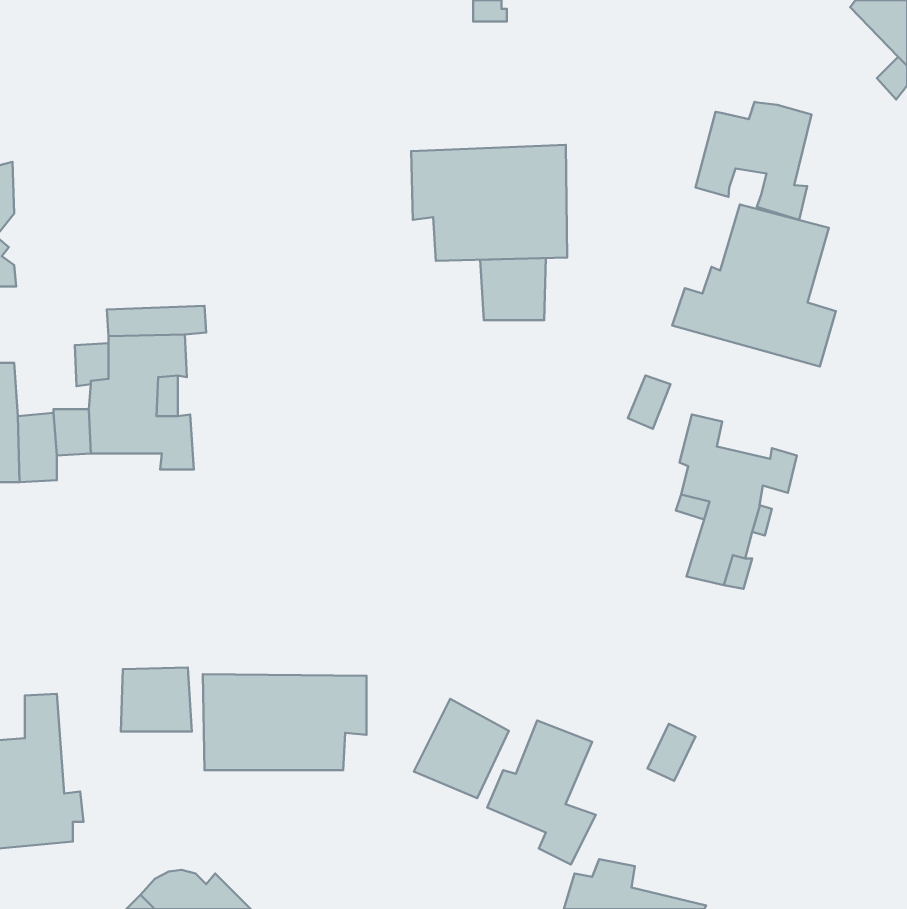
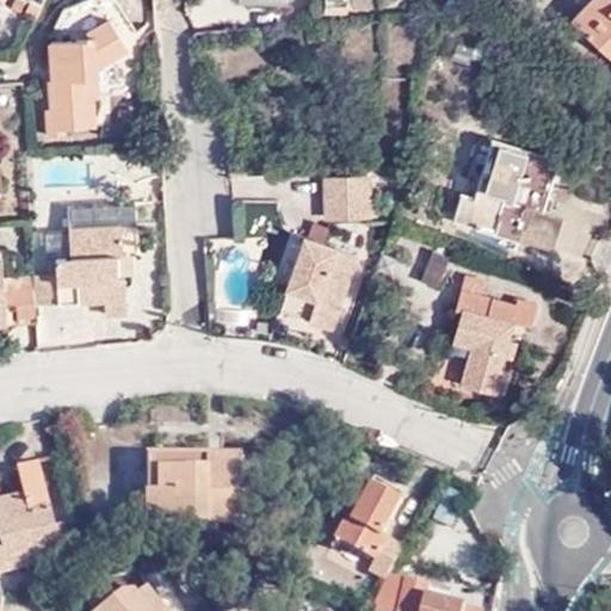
building: none -> [48,13,128,134]
building: [696,102,812,220] -> none
building: [411,145,567,261] -> none
building: none -> [282,235,356,323]
building: [121,668,192,732] -> none
building: [414,699,509,798] -> none

